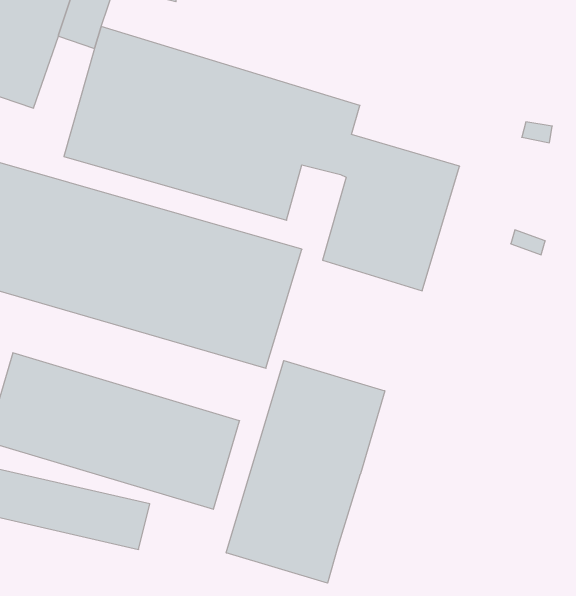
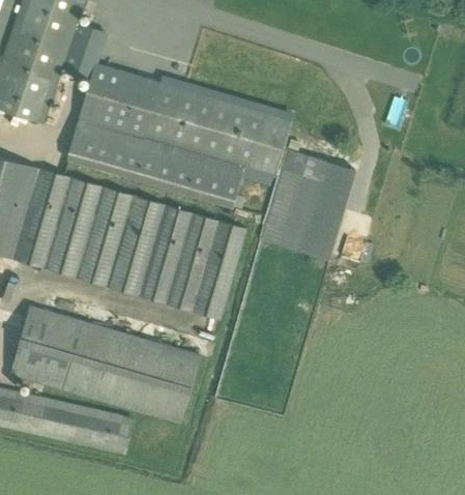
building: [226,361,385,583] -> none

